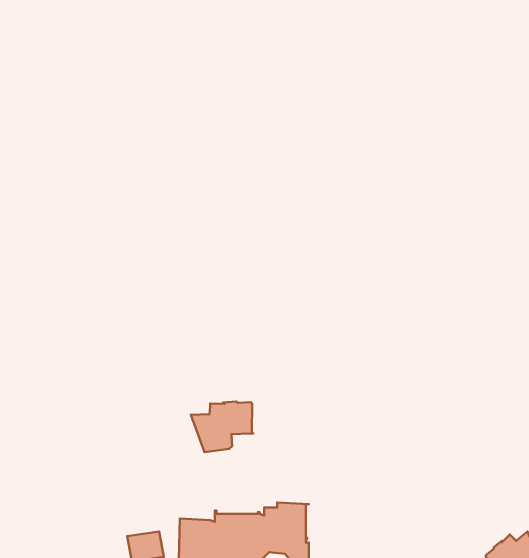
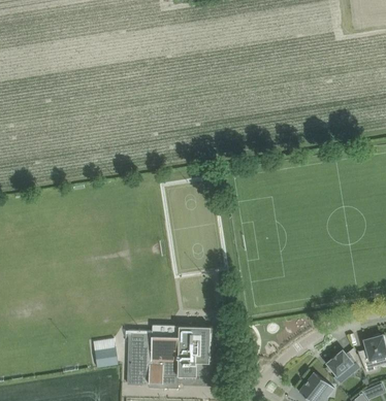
building: [191,402,253,452] -> none

